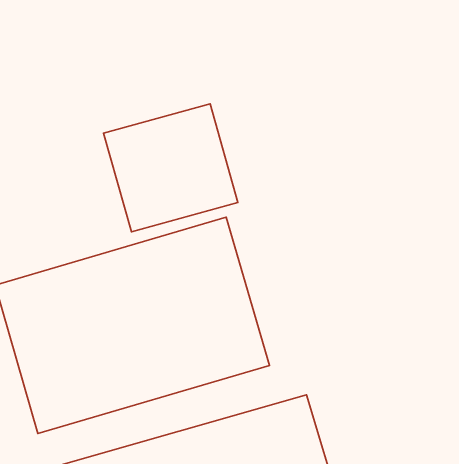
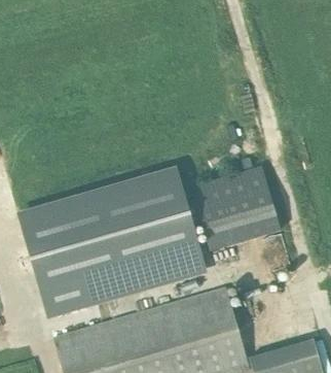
building: [104,104,238,232] -> [191,166,281,251]

